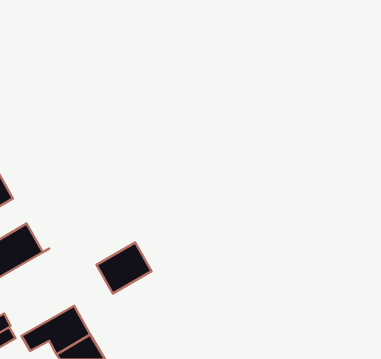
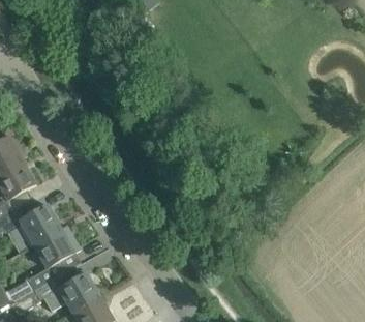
building: [97,242,152,294] -> [33,225,79,267]

